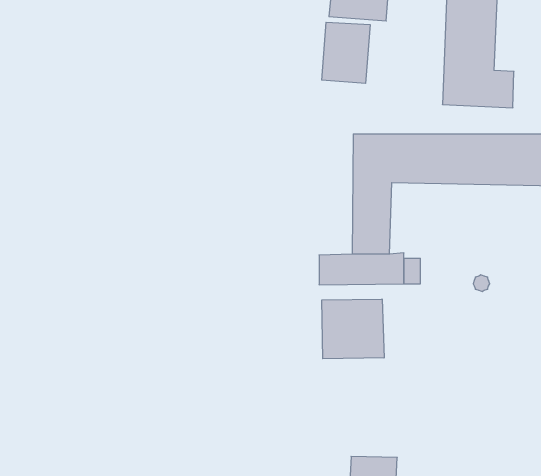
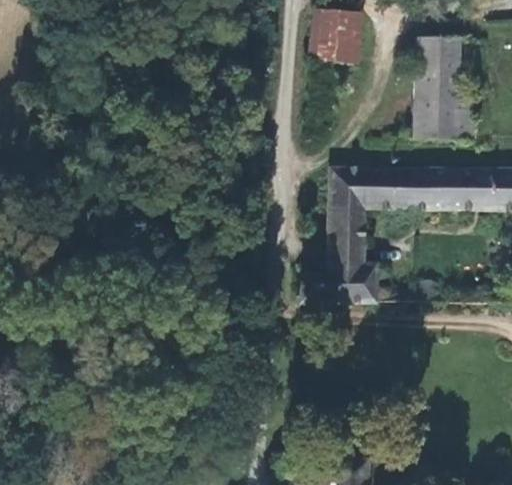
building: [322,22,370,83] -> none
building: [322,299,384,359] -> none

